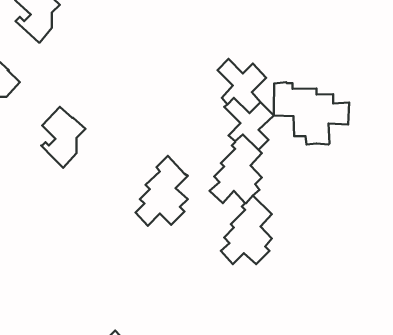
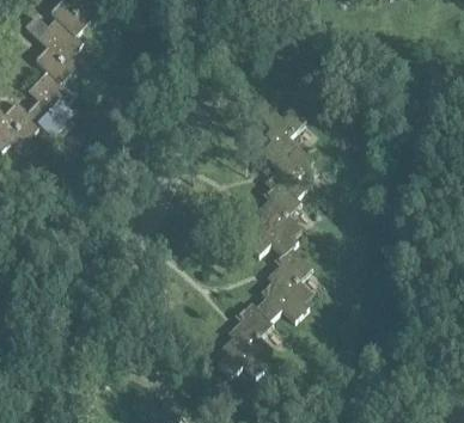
building: [274,82,349,145] -> none
building: [41,107,85,168] -> [28,70,75,136]
building: [136,156,188,226] -> [218,302,274,378]

